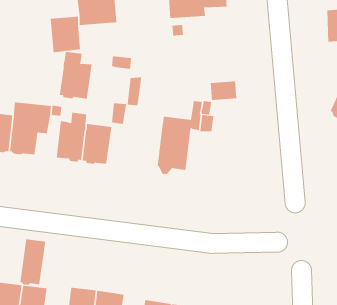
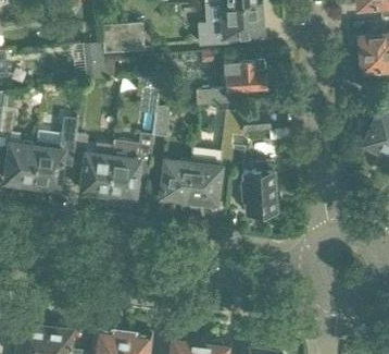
building: none -> [196,61,266,107]
building: [59,51,92,100] -> none
building: none -> [156,160,190,204]
building: none -> [241,163,275,219]
building: [20,239,46,286] -> none

